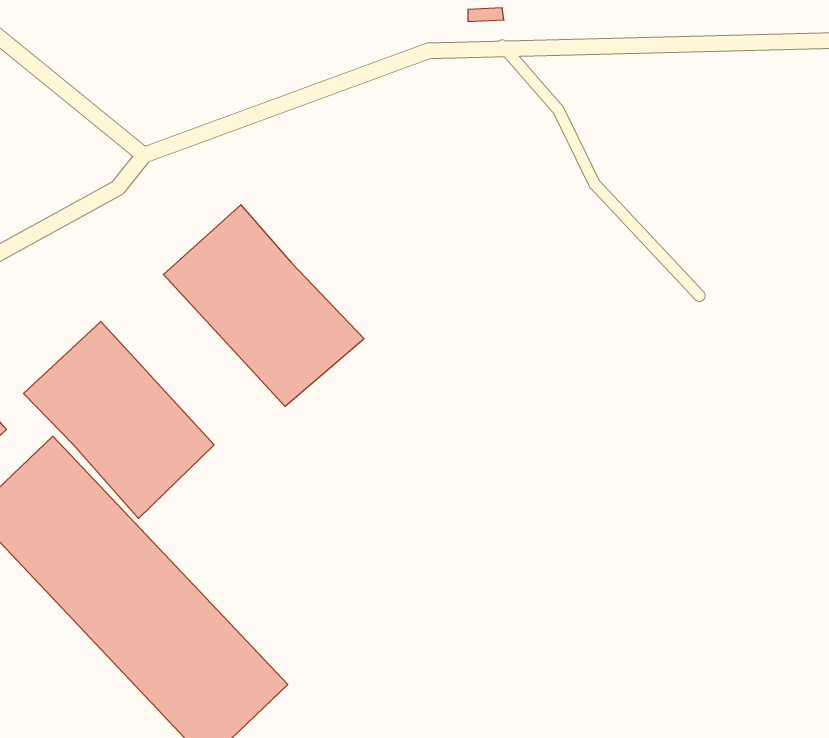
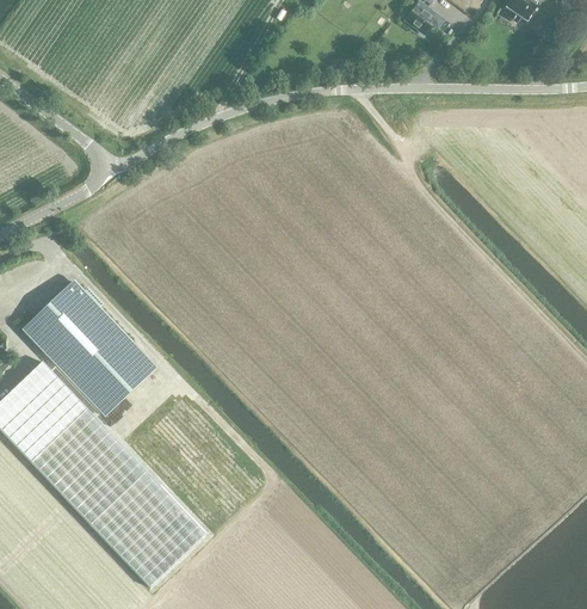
building: [163,205,364,407] -> none

